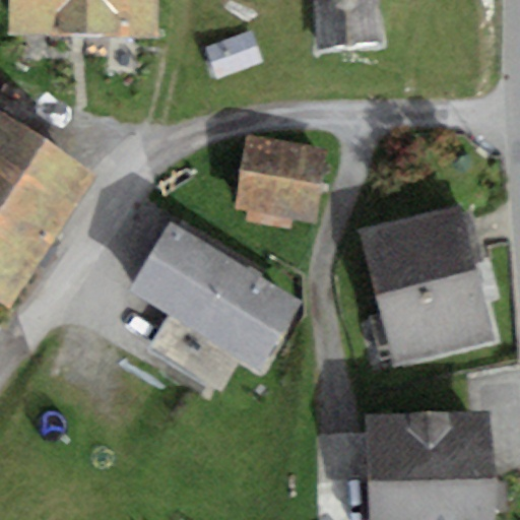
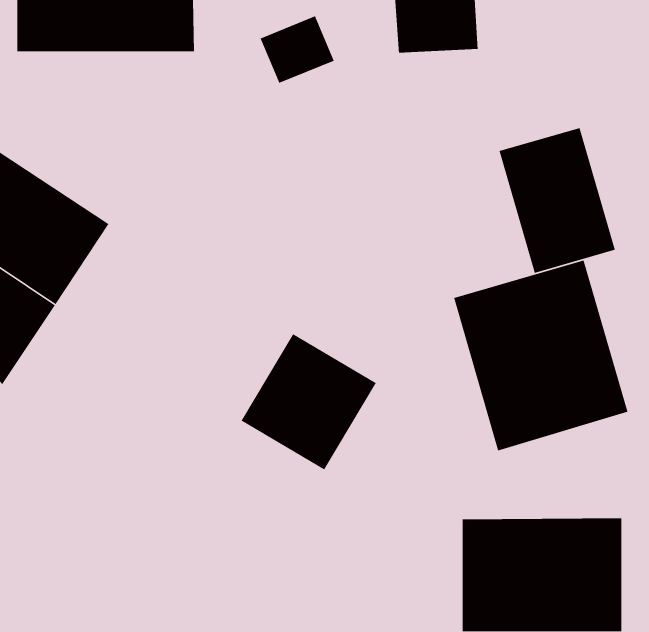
building: none -> [498,127,616,274]
building: [237,127,324,211] -> none
building: [124,226,234,336] -> none

